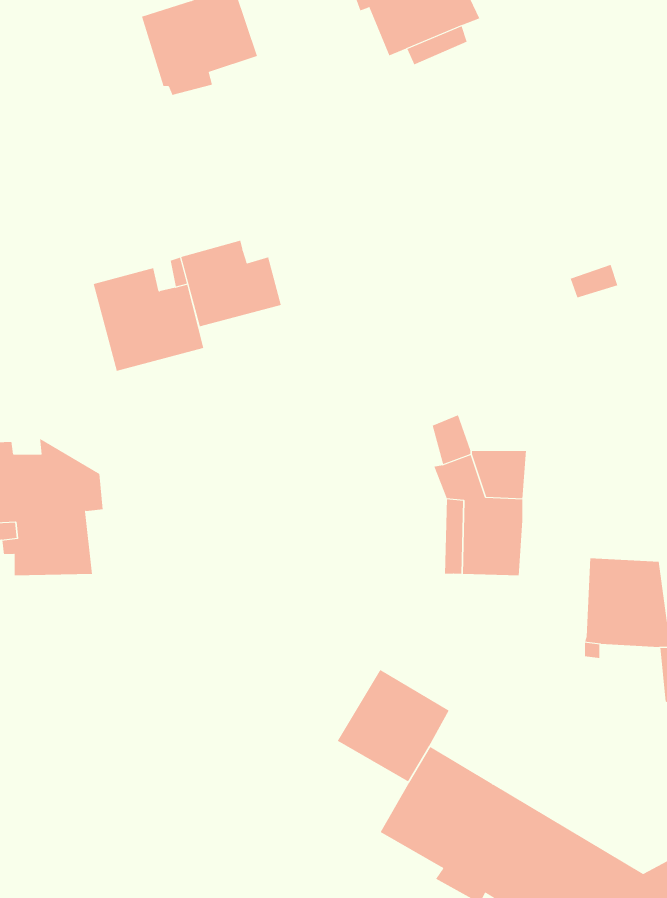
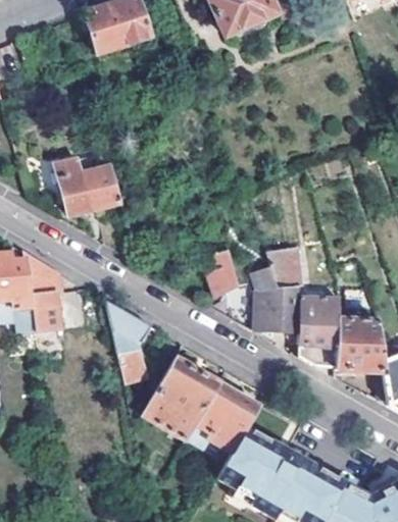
building: [181,240,282,327] -> none
building: none -> [207,245,238,298]
building: none -> [104,299,151,382]
building: none -> [297,299,338,365]
building: none -> [143,358,218,440]

